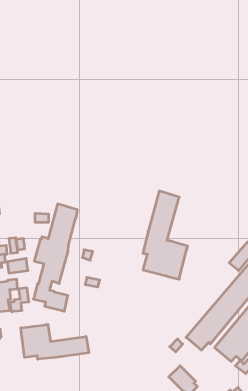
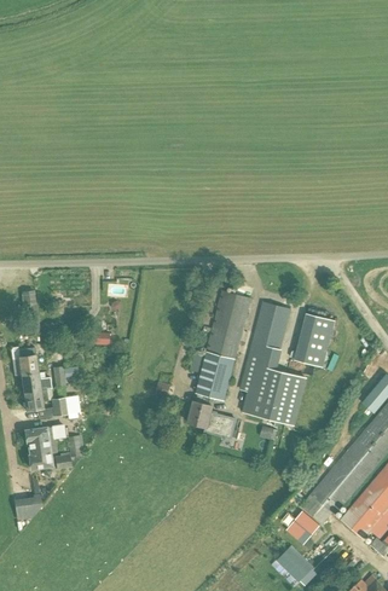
building: none -> [294,313,334,367]
building: [33,204,77,311] -> [187,290,249,440]
building: [21,324,89,359] -> none
building: none -> [286,511,320,546]

